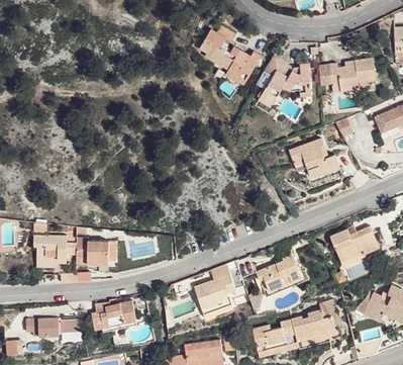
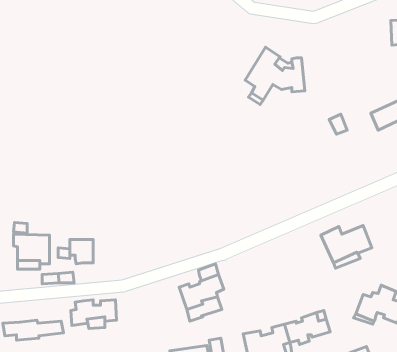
building: [201,27,262,86] -> none
building: [319,60,377,90] -> none
building: [290,141,340,177] -> none
building: [257,249,303,289] -> none

